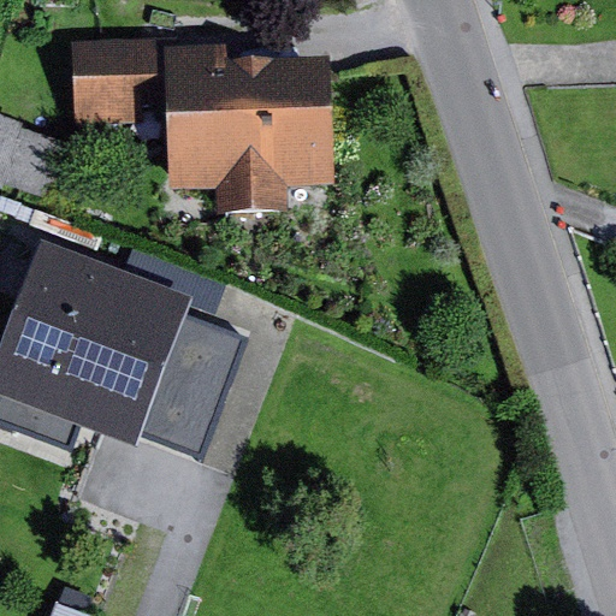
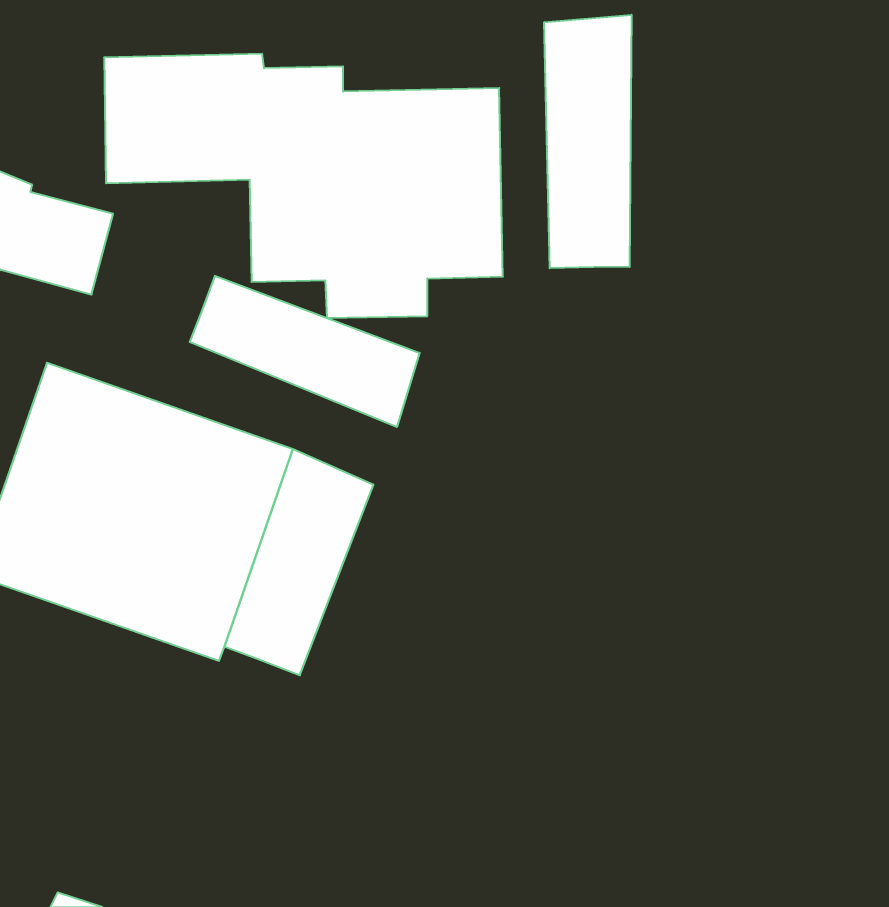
building: none -> [544,15,632,268]
building: none -> [190,276,420,427]

